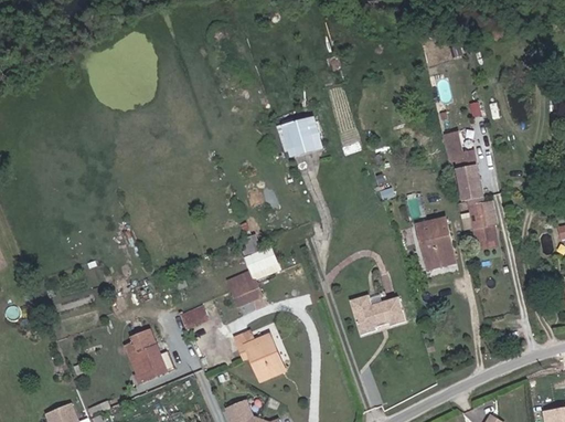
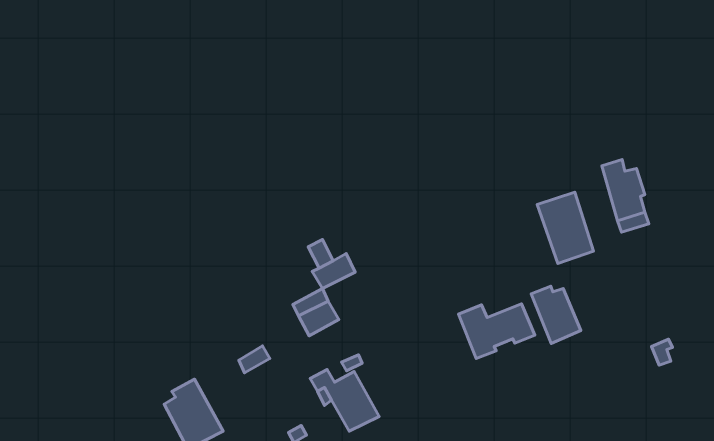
building: [282,116,321,157] -> none
building: [444,131,482,199] -> none
building: none -> [531,286,581,343]

